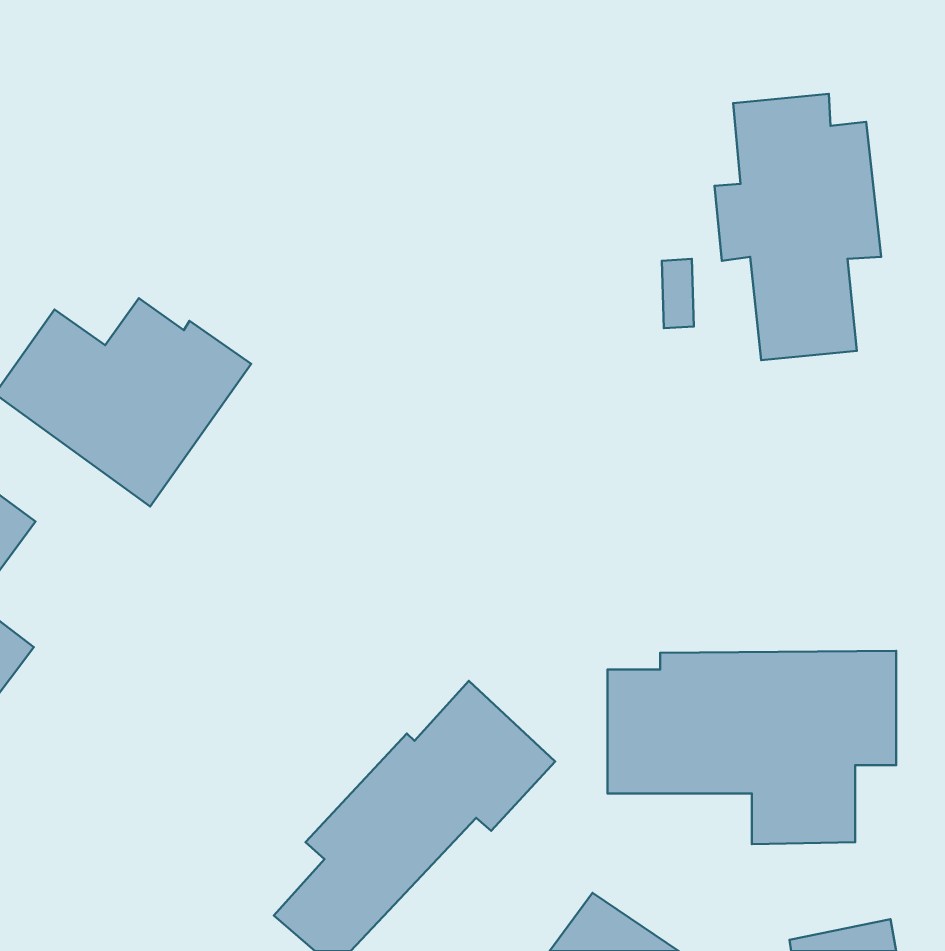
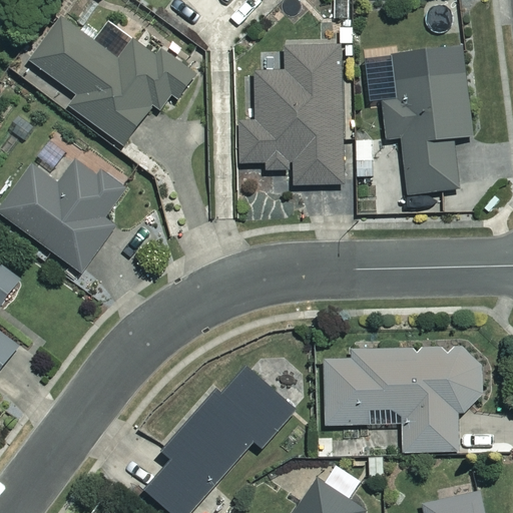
building: none -> [29,17,195,144]
building: none -> [239,45,343,184]

